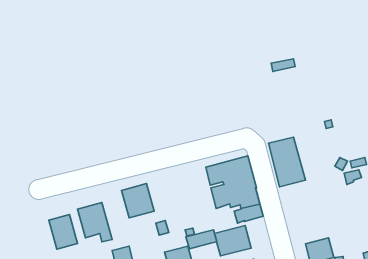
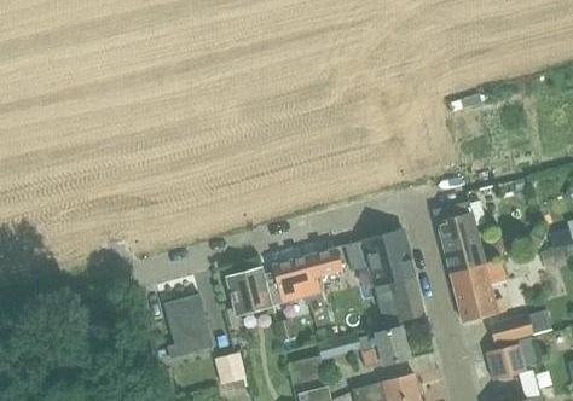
building: none -> [271,249,341,327]
building: none -> [448,260,505,322]
building: none -> [488,310,549,344]
building: [49,215,77,249] -> none

